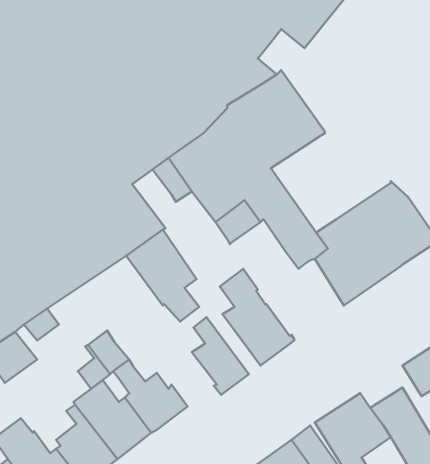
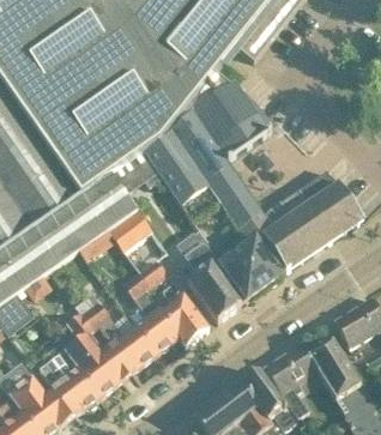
building: none -> [217,236,280,300]
building: none -> [122,270,181,354]

